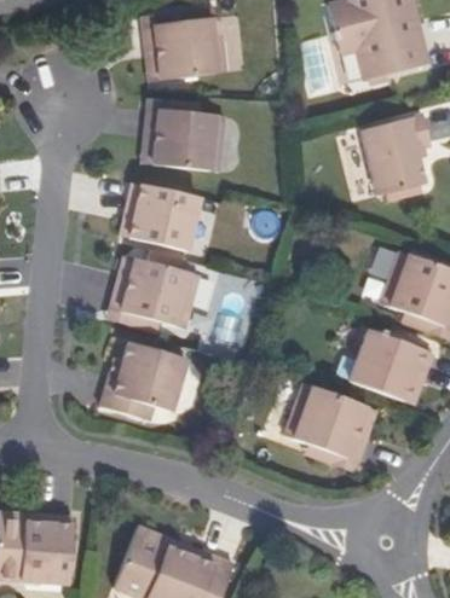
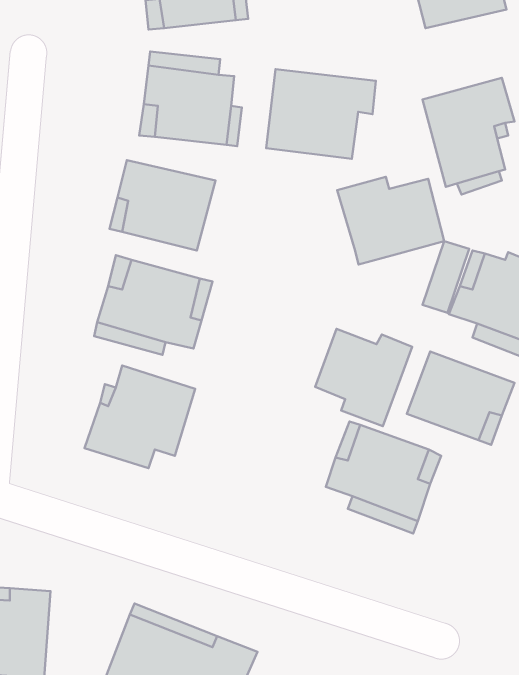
building: none -> [266,69,376,159]
building: none -> [337,177,444,264]
building: none -> [315,329,412,426]

